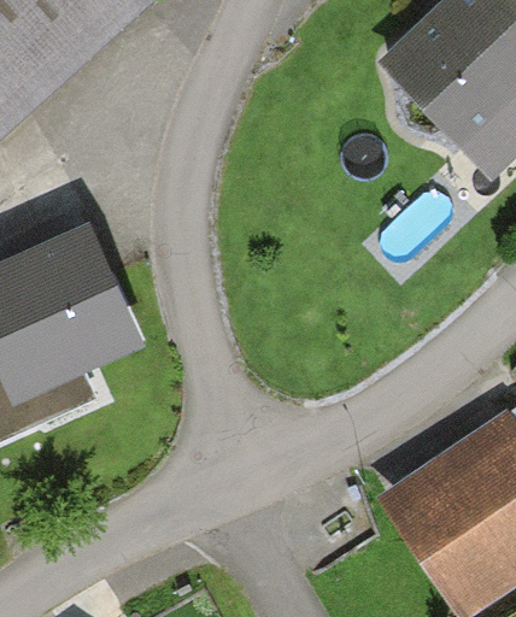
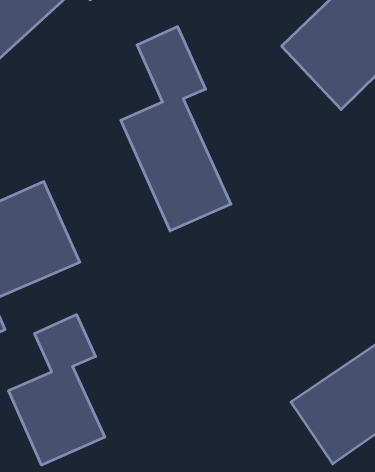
building: none -> [121,27,231,231]
building: none -> [9,315,105,465]

